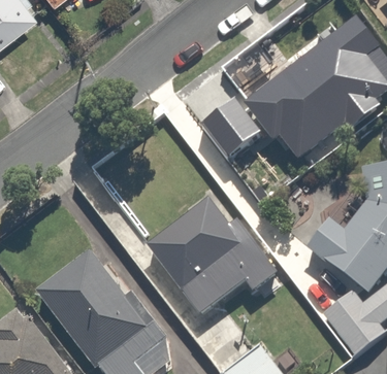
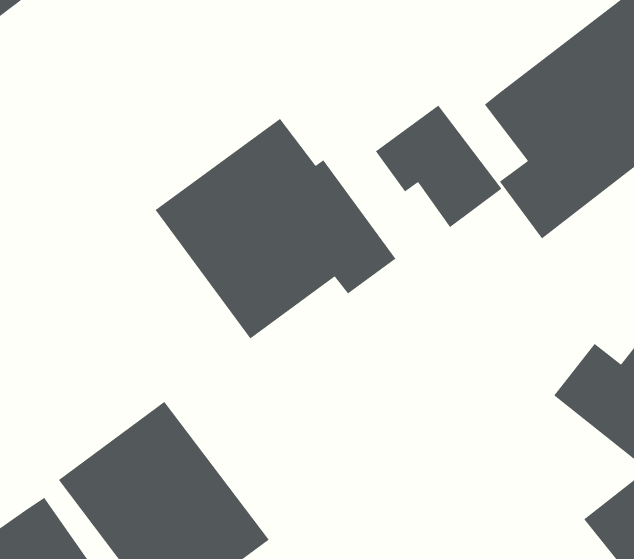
building: [146,197,279,318] -> [154,118,397,339]

